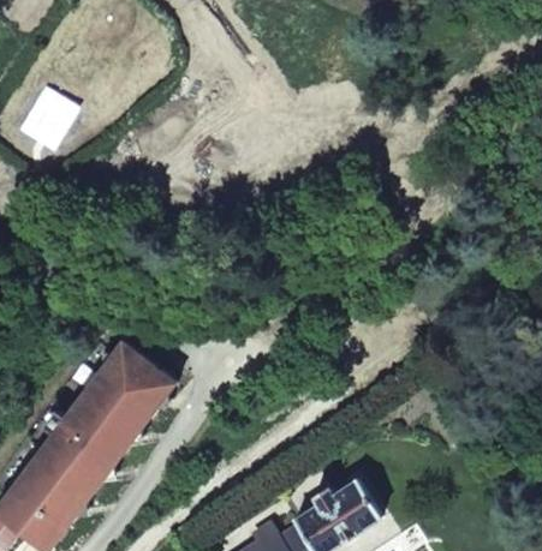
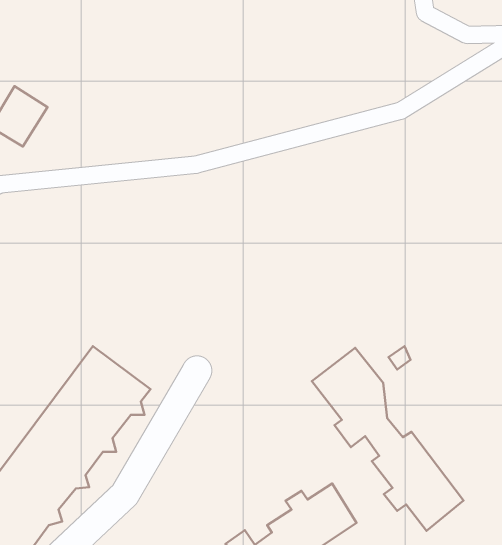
building: none -> [312,348,463,531]

